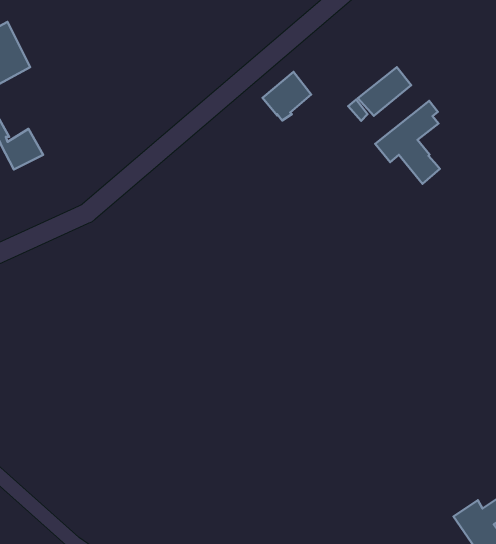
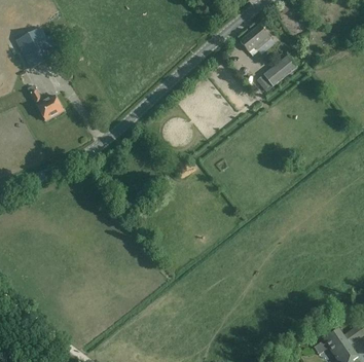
building: [263,72,311,121] -> [240,24,270,55]
building: [375,101,440,184] -> none

